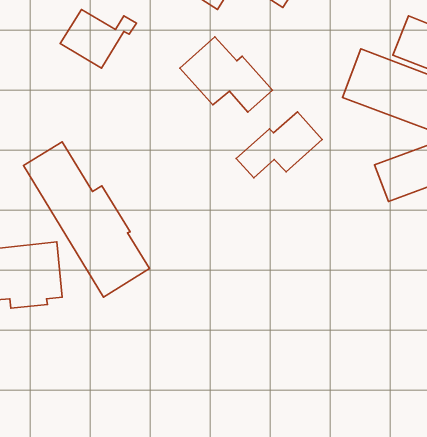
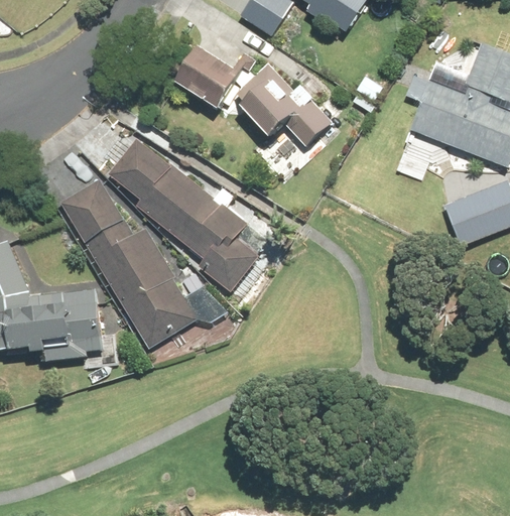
building: [60,9,137,68] -> [173,44,257,109]
building: none -> [108,137,270,291]
building: [236,112,322,178] -> none

